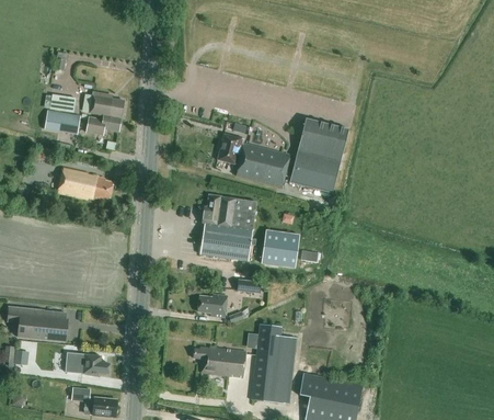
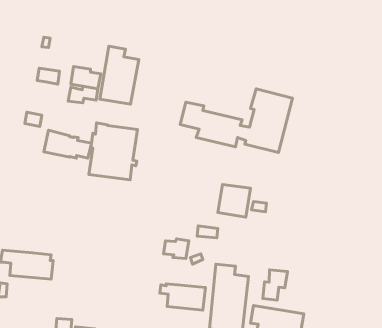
building: none -> [100,46,139,104]
building: [45,110,81,134] -> none
building: [199,194,256,261] -> [89,123,138,180]
building: none -> [263,270,287,300]
building: [66,352,108,375] -> none

